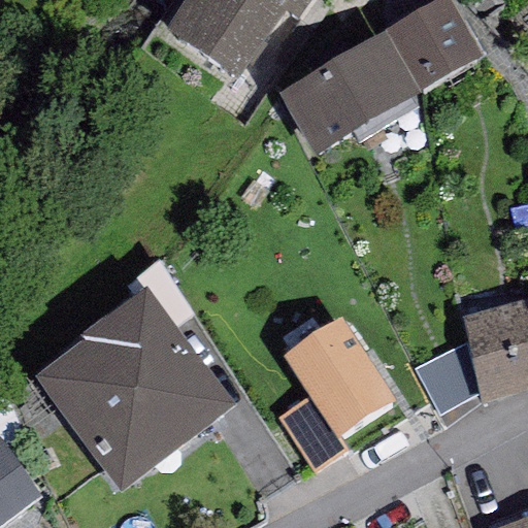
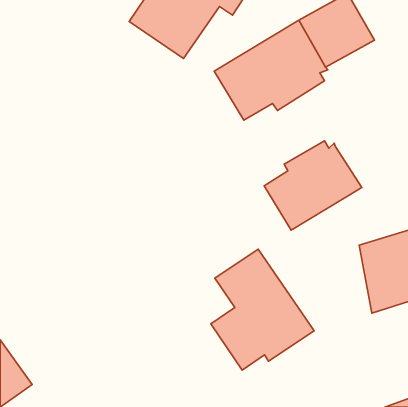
building: none -> [264,141,362,230]
building: [34,288,235,489] -> none

